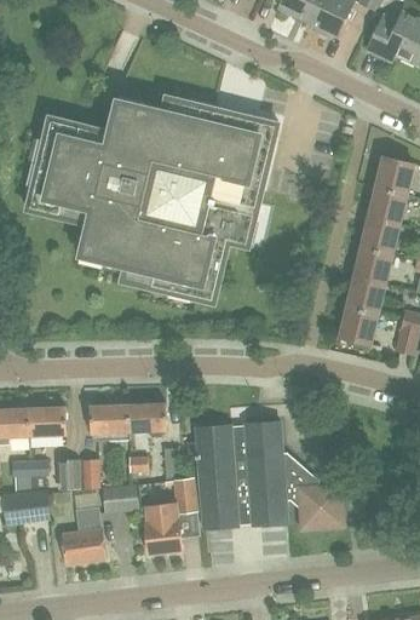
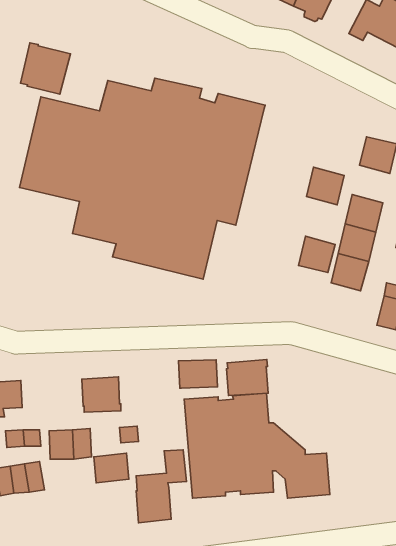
building: none -> [20,43,71,94]
building: [368,185,407,224] -> [307,167,344,205]
building: [339,306,376,344] -> [299,236,335,273]
building: none -> [227,359,268,395]
building: [127,402,167,431] -> [179,360,217,388]
building: [27,406,67,435] -> none
building: [61,490,105,564] -> none

